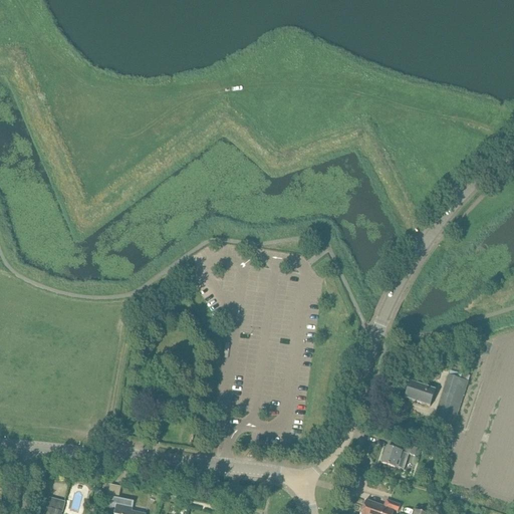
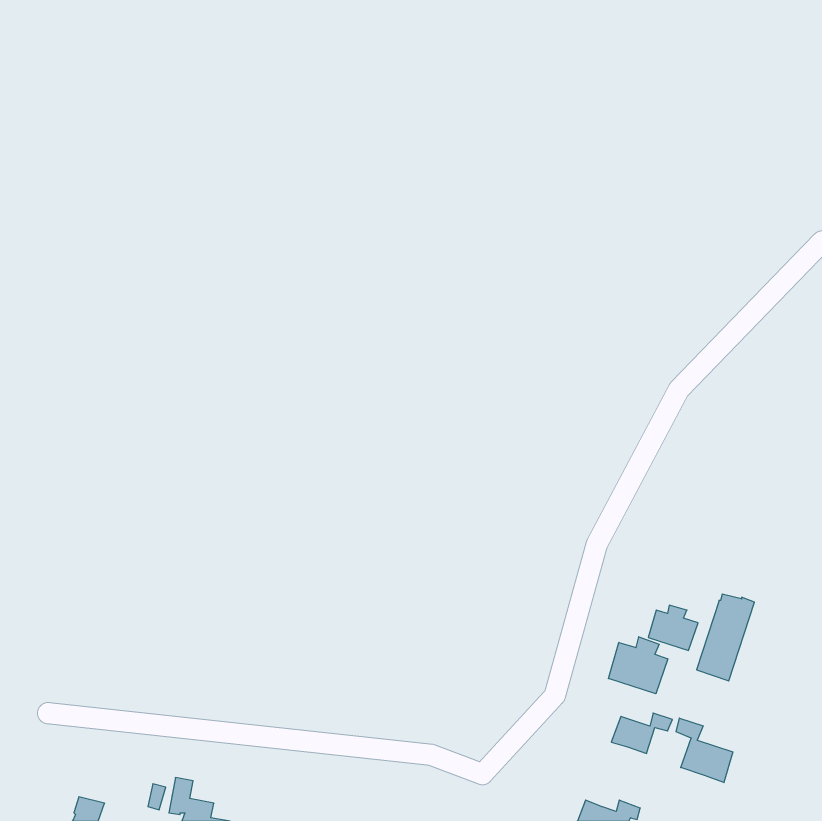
building: none -> [608,637,668,694]
building: none -> [676,718,733,783]

